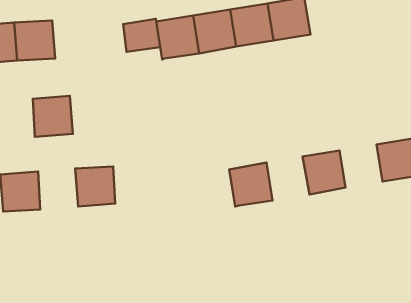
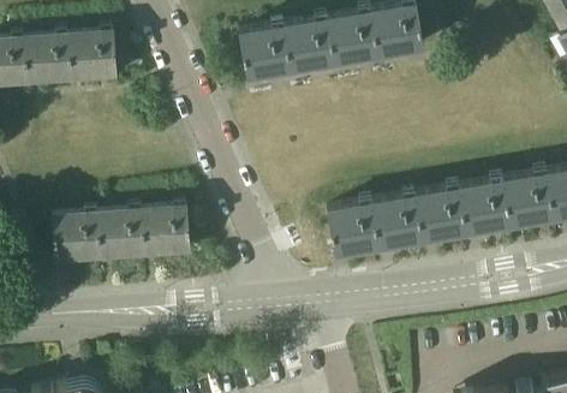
building: [123,19,160,52] -> none
building: [33,96,73,137] -> [96,210,144,260]
building: none -> [458,181,509,233]
building: none -> [370,196,422,249]

